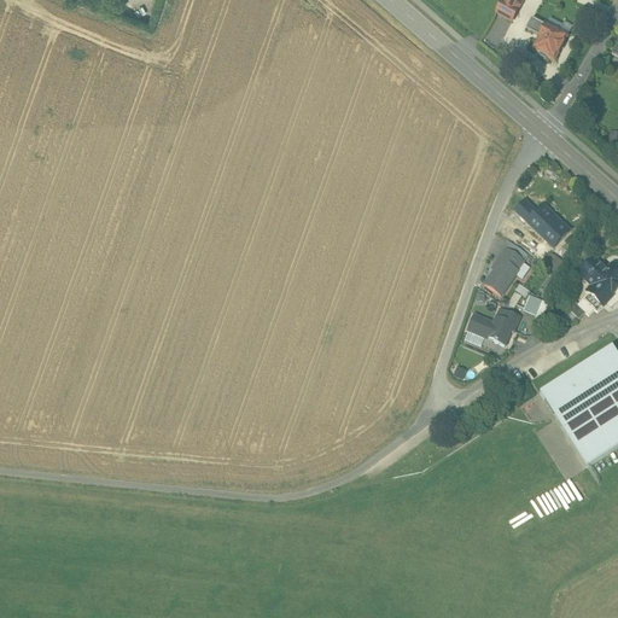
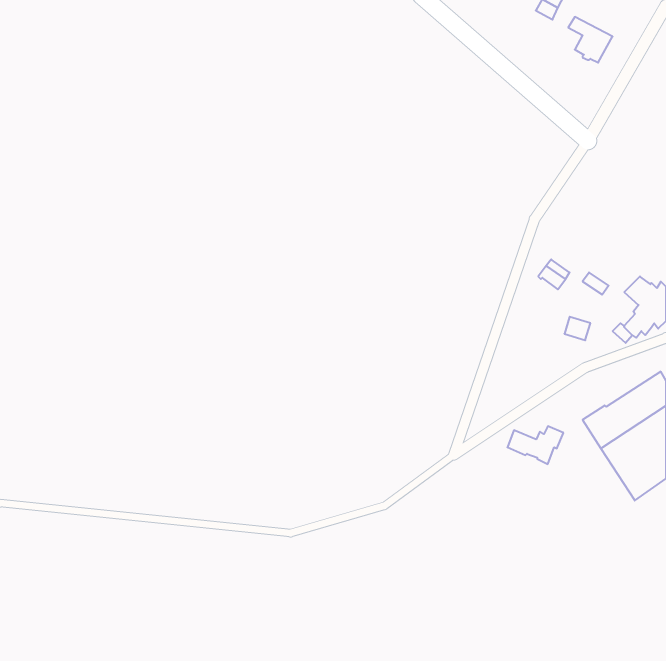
building: [515,199,569,243] -> none
building: [485,257,518,293] -> none
building: [467,309,519,344] -> [507,426,563,464]

